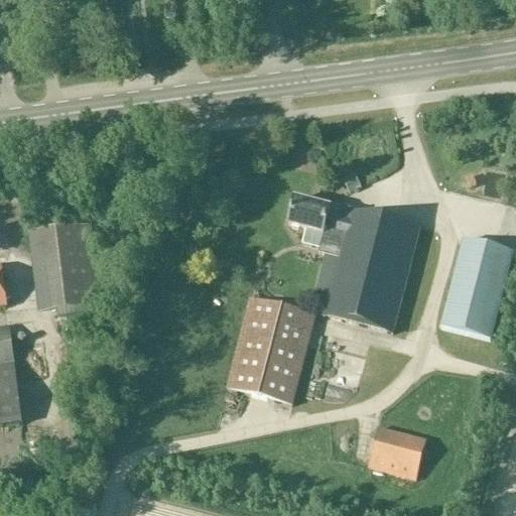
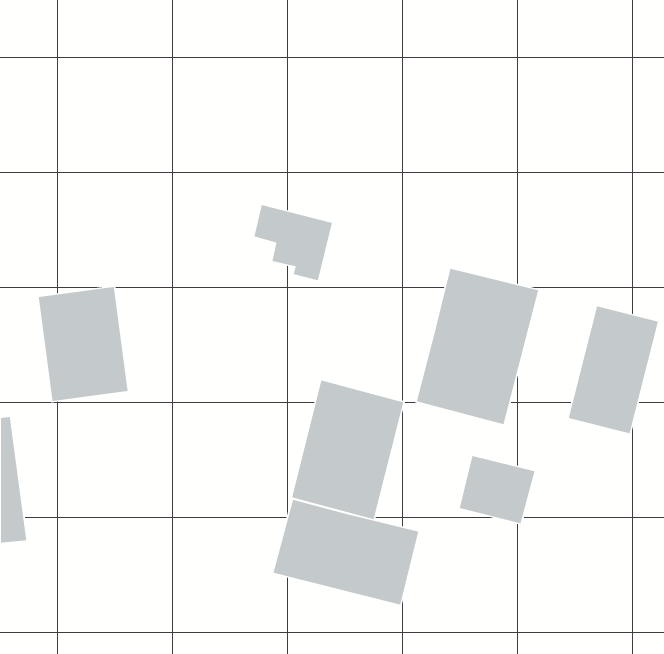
building: [287,195,349,254] -> [253,204,333,281]
building: none -> [272,498,419,606]
building: [367,423,426,477] -> [459,455,536,524]

